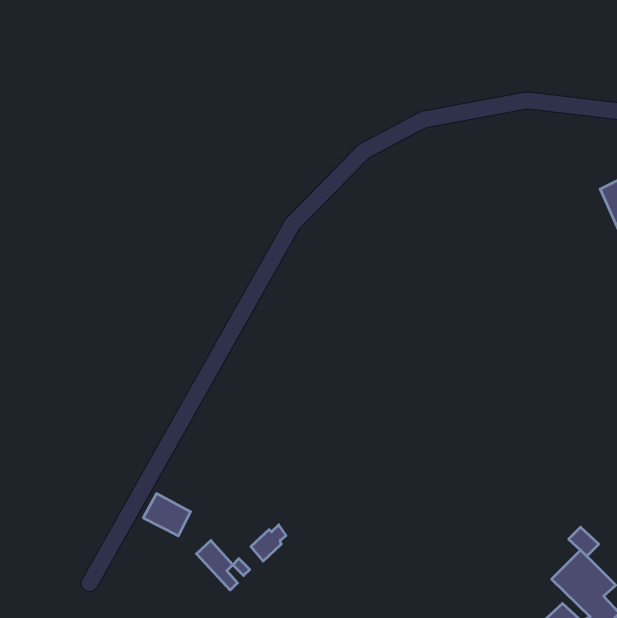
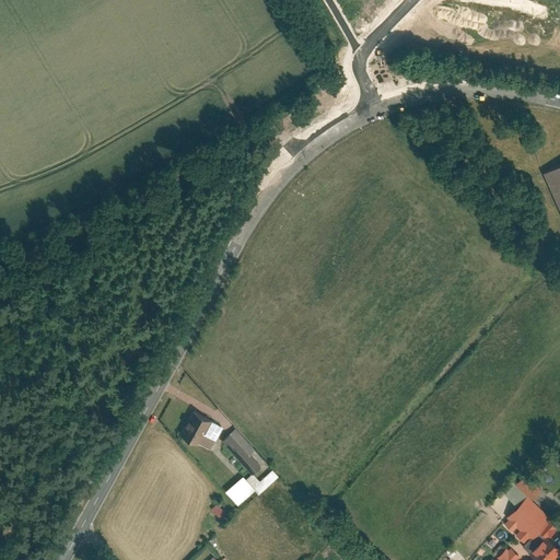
building: [143,494,191,536] -> [179,412,222,451]
building: [196,540,238,590] -> [223,430,260,475]

